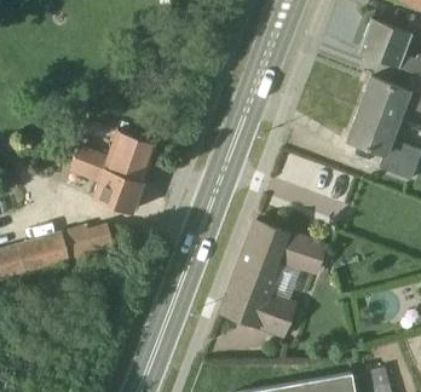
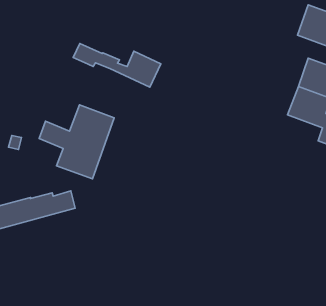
building: none -> [73,43,161,87]
building: [221,223,324,336] -> none

